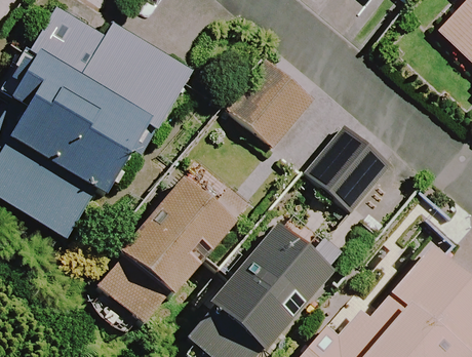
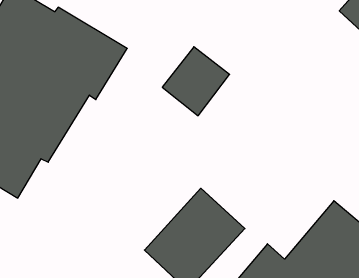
building: [307,126,390,210] -> none
building: [121,180,234,296] -> none

